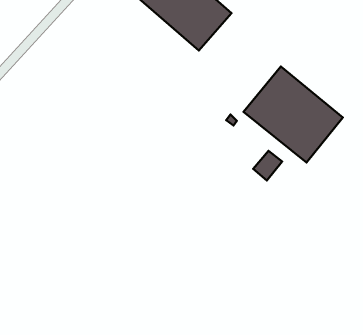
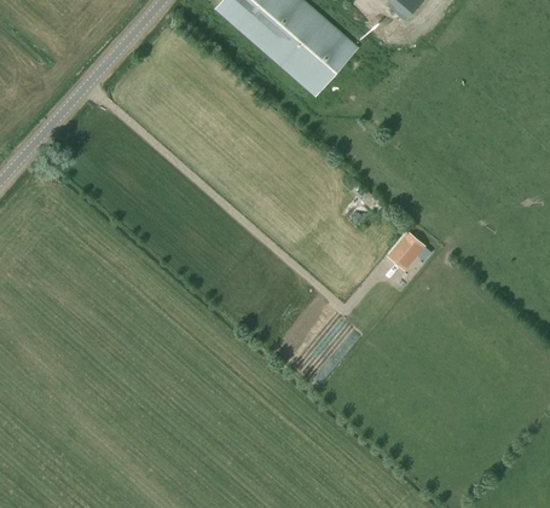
building: [243,66,343,163] -> none

